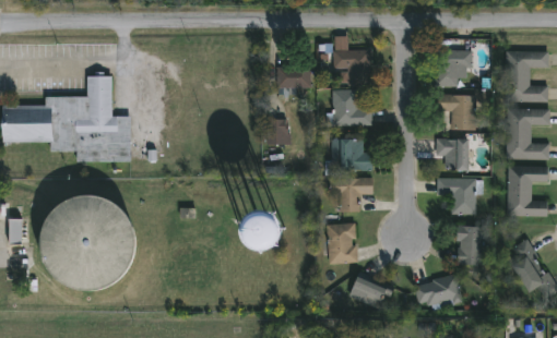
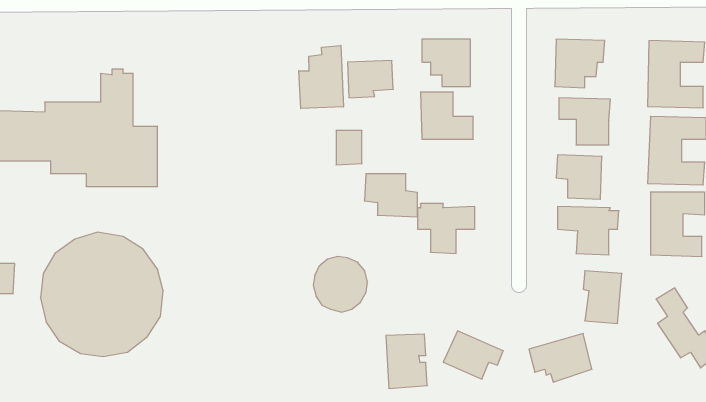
building: none -> [299,45,343,109]
building: [331,138,371,171] -> [364,174,417,217]
building: [325,222,357,264] -> [386,334,427,388]

